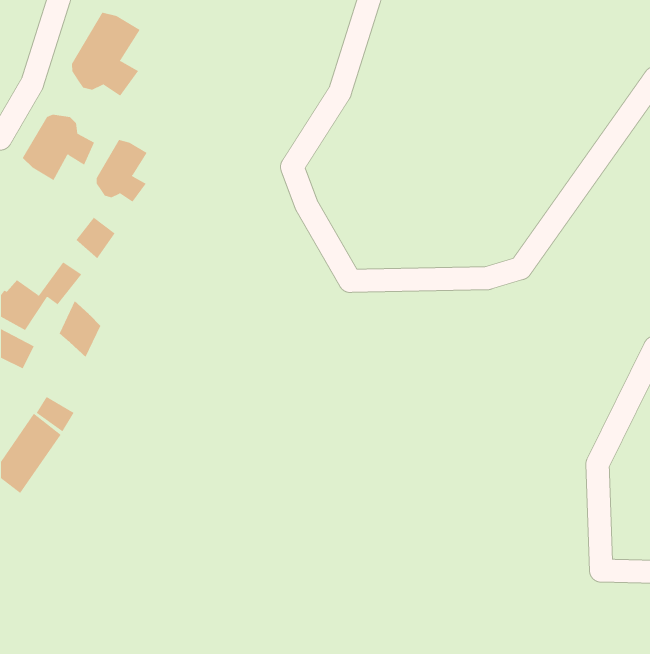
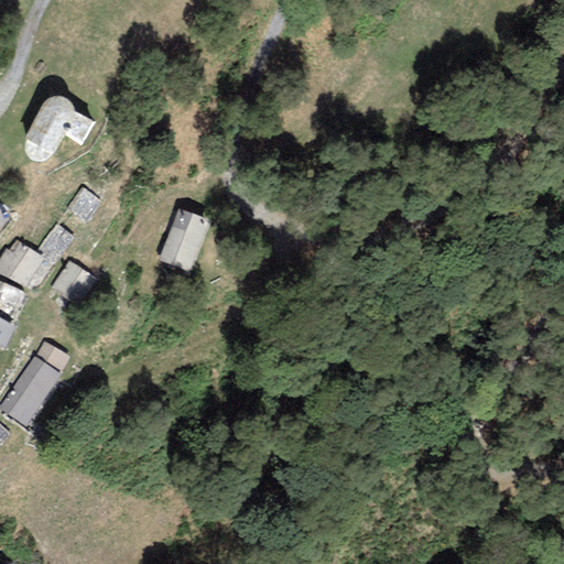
building: [71,12,140,96] -> none
building: [96,139,147,202] -> none
building: none -> [158,209,212,276]

